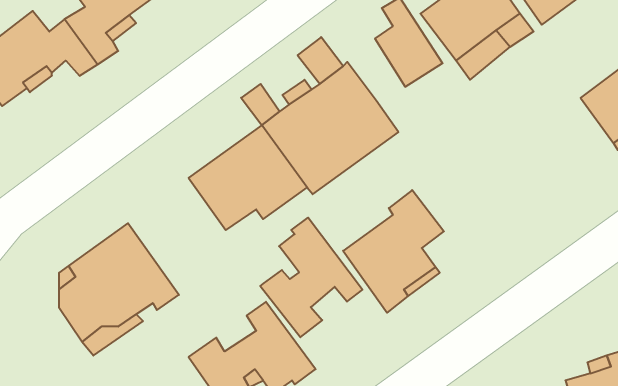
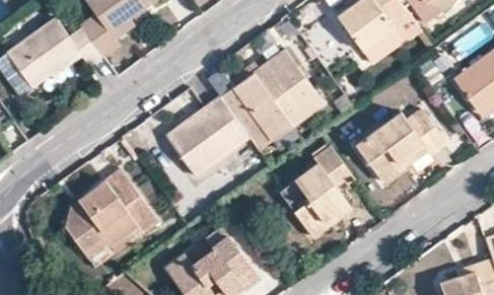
building: none -> [356,107,444,179]
building: [260,218,362,337] -> none

